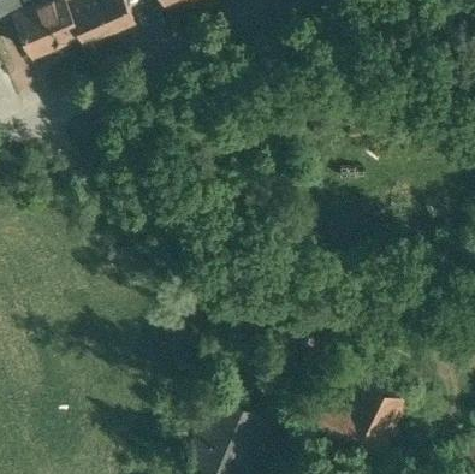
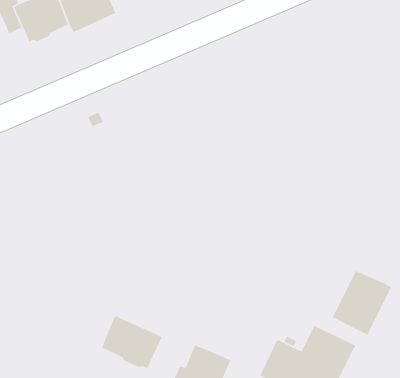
building: none -> [332,270,392,336]
building: none -> [101,315,163,369]

